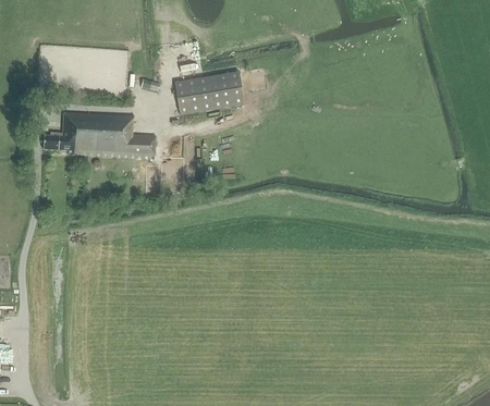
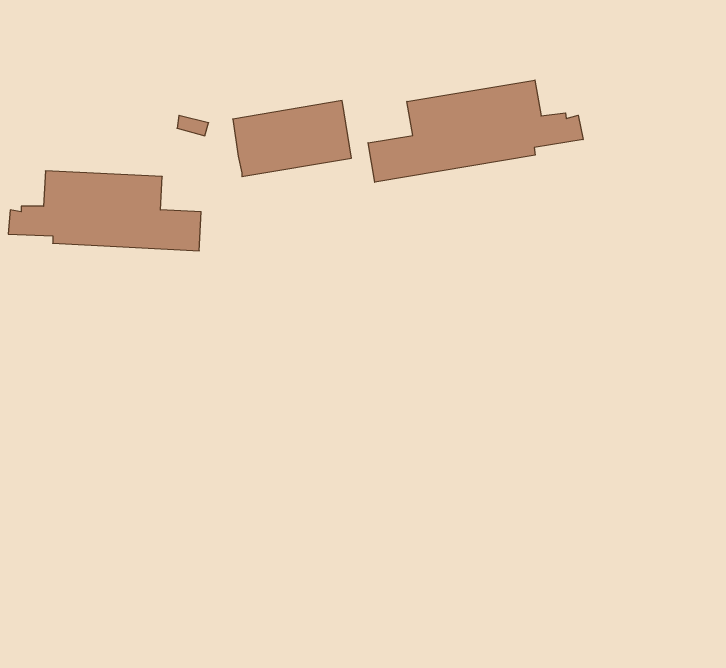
building: none -> [368,80,583,182]

